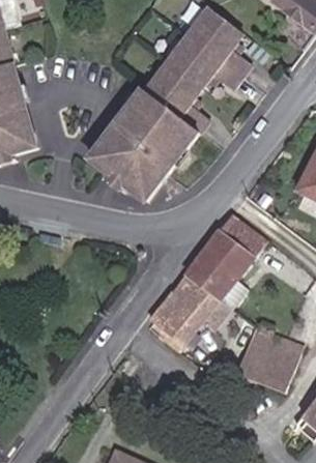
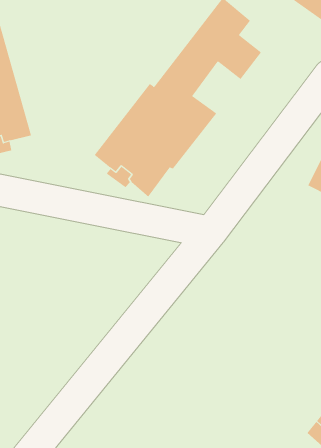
building: [147,215,259,351] -> none
building: [237,329,303,394] -> none

